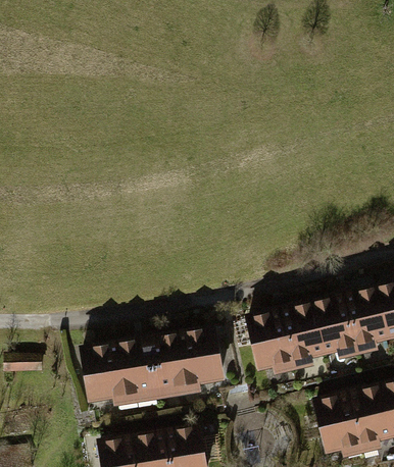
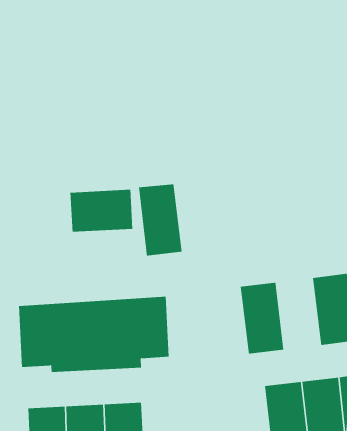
building: none -> [70,189,133,233]
building: [315,296,361,364] -> none
building: [250,310,296,378] -> [138,184,182,256]

